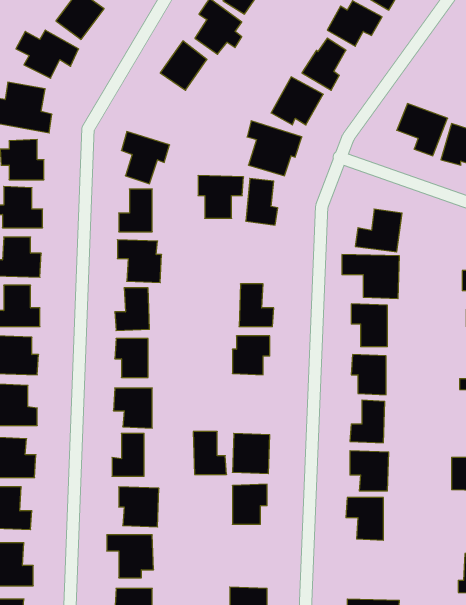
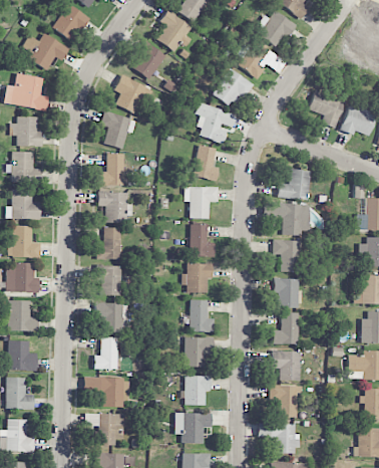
building: none -> [114,73,149,114]
building: [198,176,244,218] -> [184,186,219,218]
building: [193,432,227,474] -> [189,299,215,331]
building: none -> [175,412,212,443]
building: none -> [259,423,299,453]

